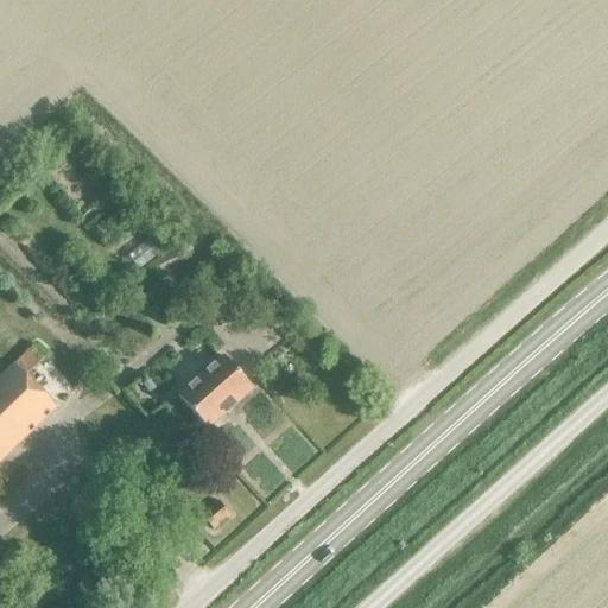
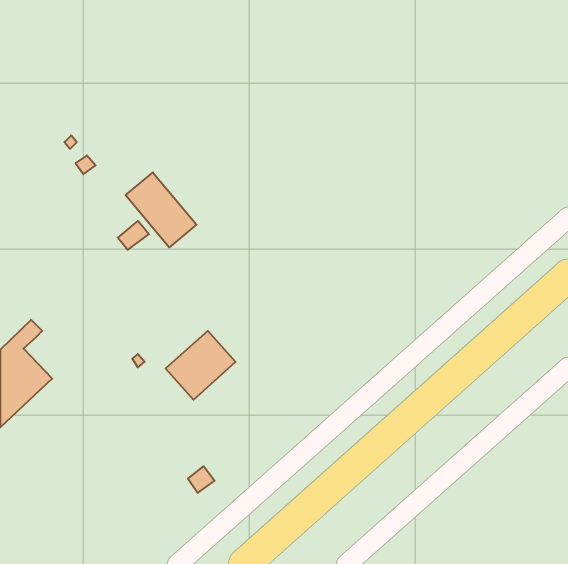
building: none -> [126,172,197,247]

